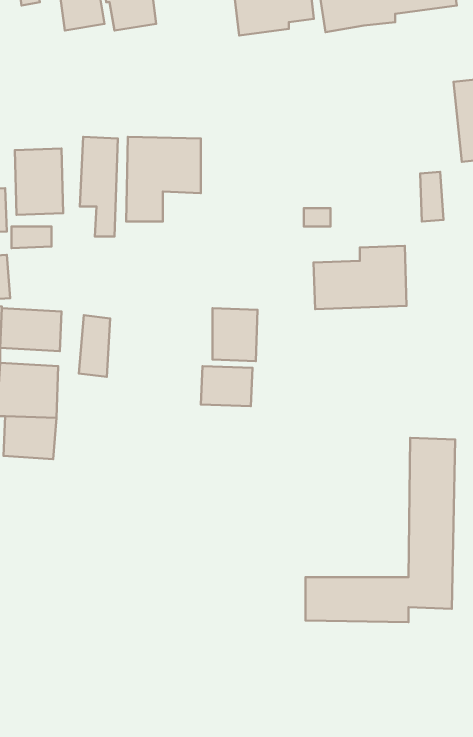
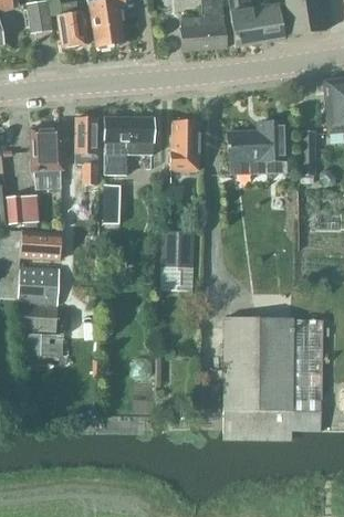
building: none -> [169,119,198,167]
building: [313,246,406,309] -> [227,118,289,160]
building: [79,315,110,377] -> [103,182,124,223]
building: none -> [222,315,294,409]
building: none -> [27,331,65,354]

